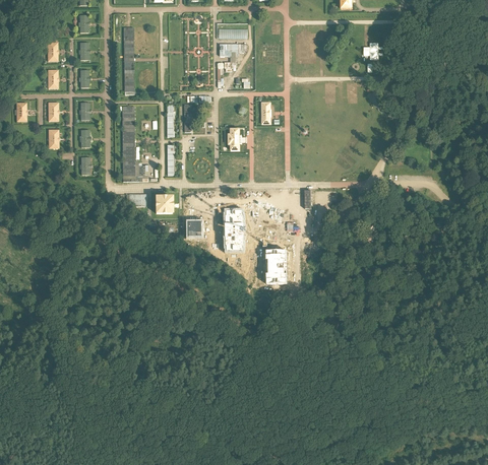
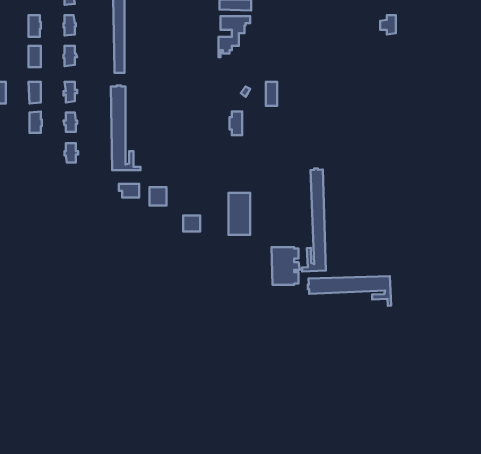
building: none -> [302,168,326,272]
building: none -> [308,276,391,306]

